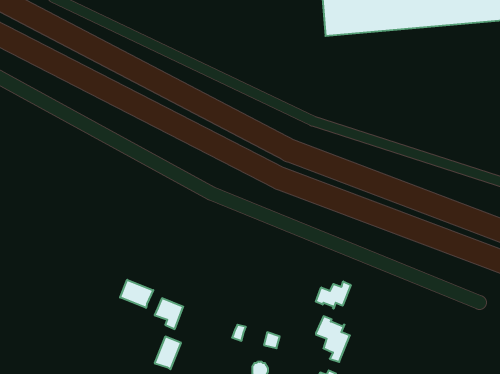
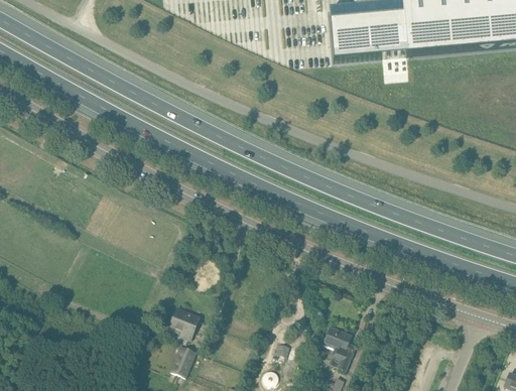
building: [120,280,153,308] -> none
building: [316,281,351,309] -> none

